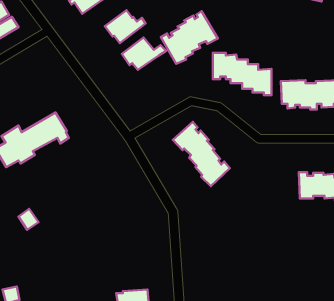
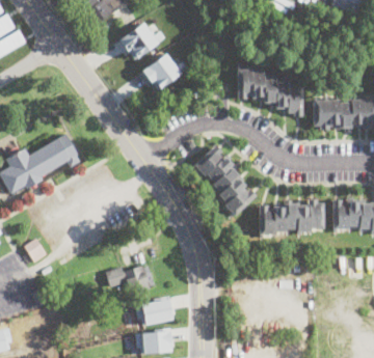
building: [161,11,218,64] -> none
building: none -> [259,198,324,233]
building: none -> [106,266,155,297]
building: none -> [133,297,170,324]

